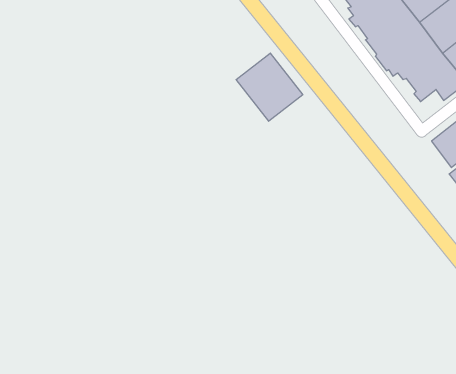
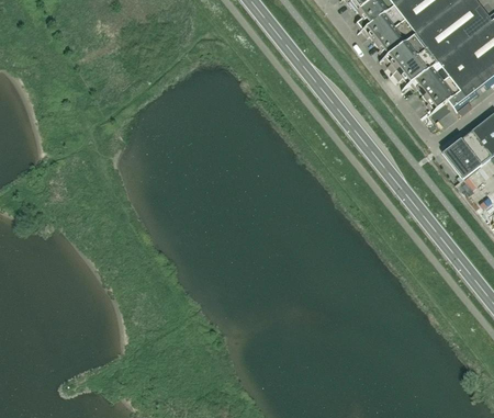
building: [236,53,303,121] -> none

